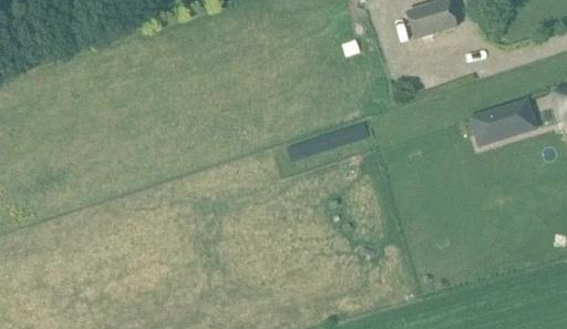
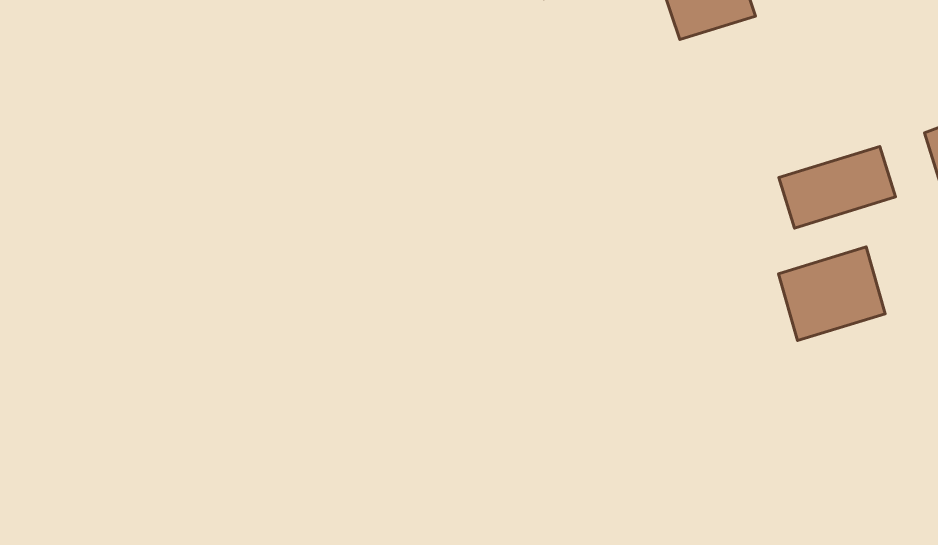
building: none -> [779,247,885,341]

